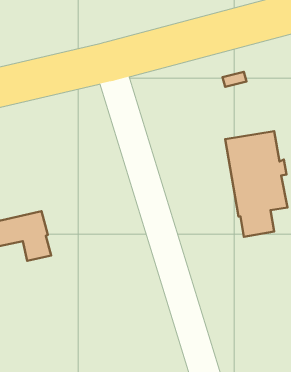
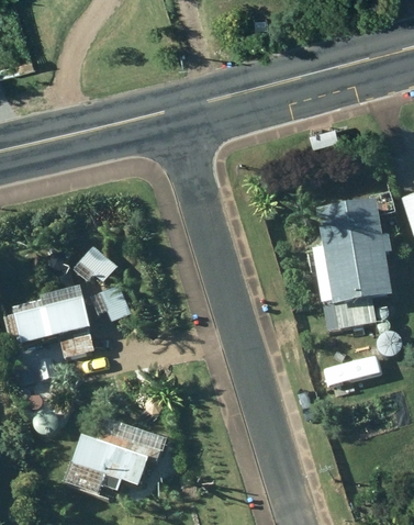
building: none -> [72,432,148,489]

